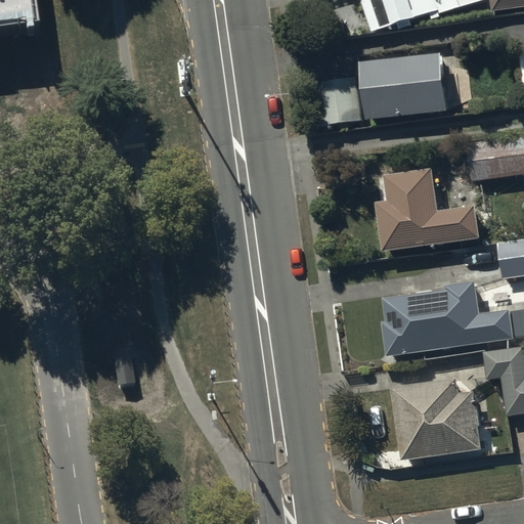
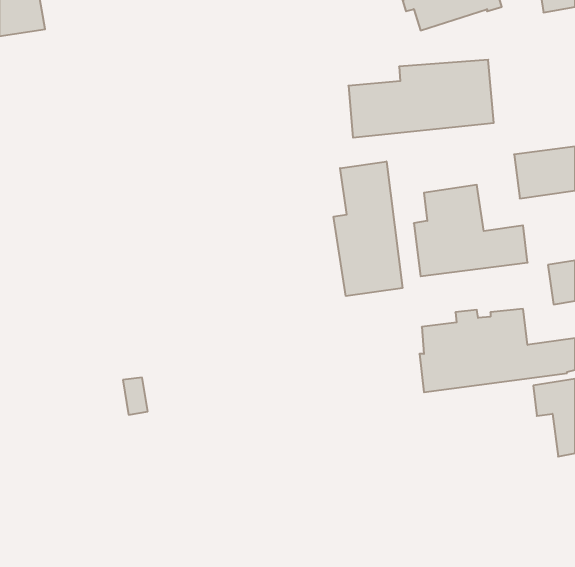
building: none -> [334,161,402,296]
building: [391,377,482,461] -> none

